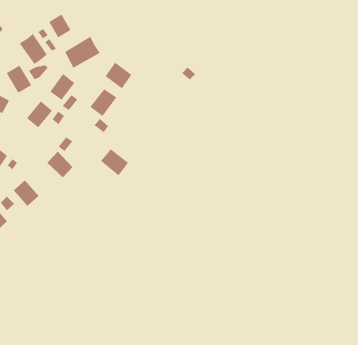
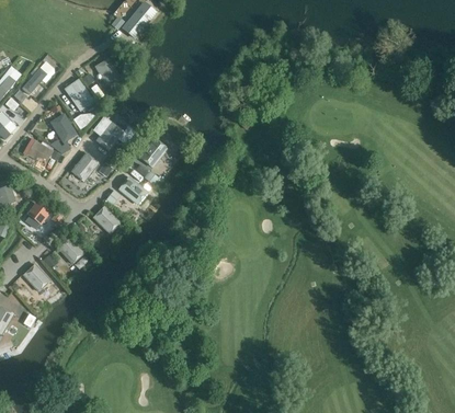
building: [64,36,101,69] -> none
building: [105,62,132,89] -> none
building: [100,149,129,176] -> [117,175,148,205]

